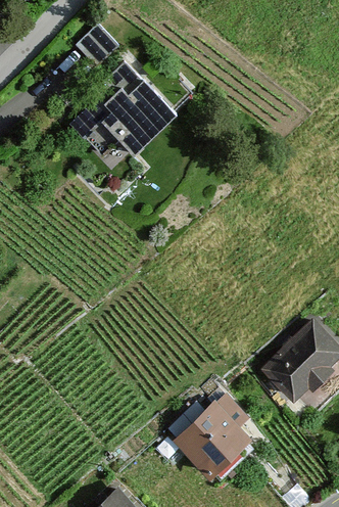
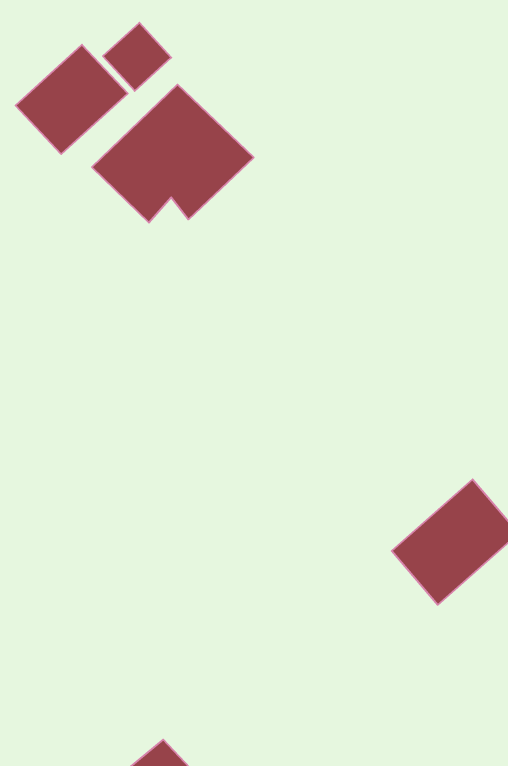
building: none -> [16,45,128,154]
building: [177,404,249,475] -> none

